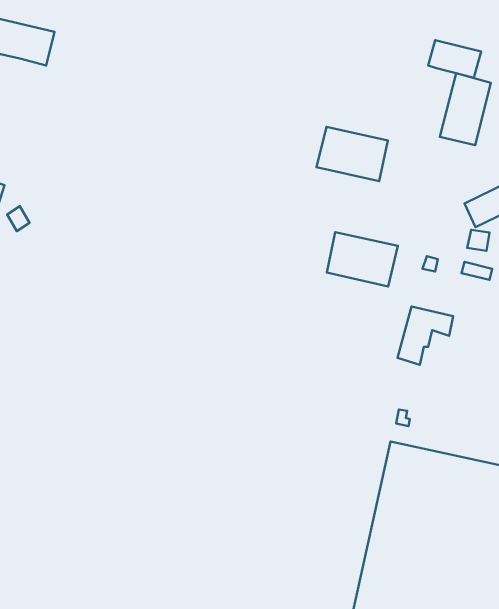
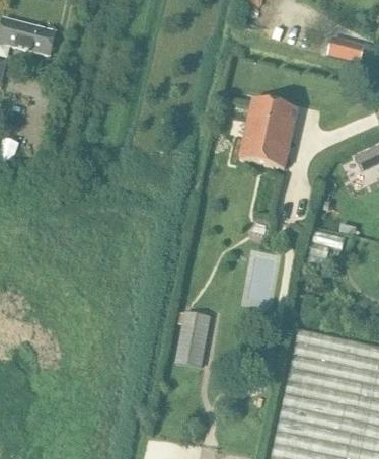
building: [440,73,491,145] -> none
building: [327,232,398,286] -> [239,129,291,168]
building: none -> [175,312,211,369]

